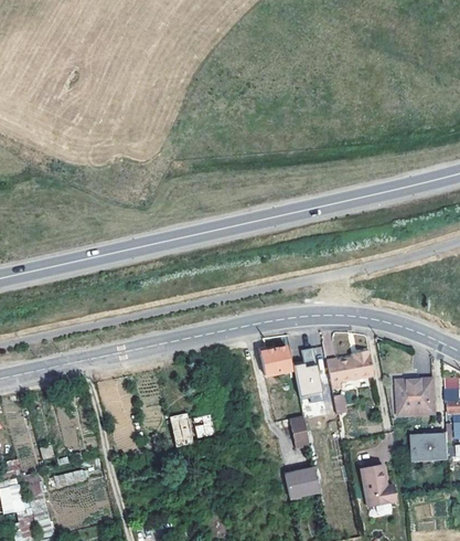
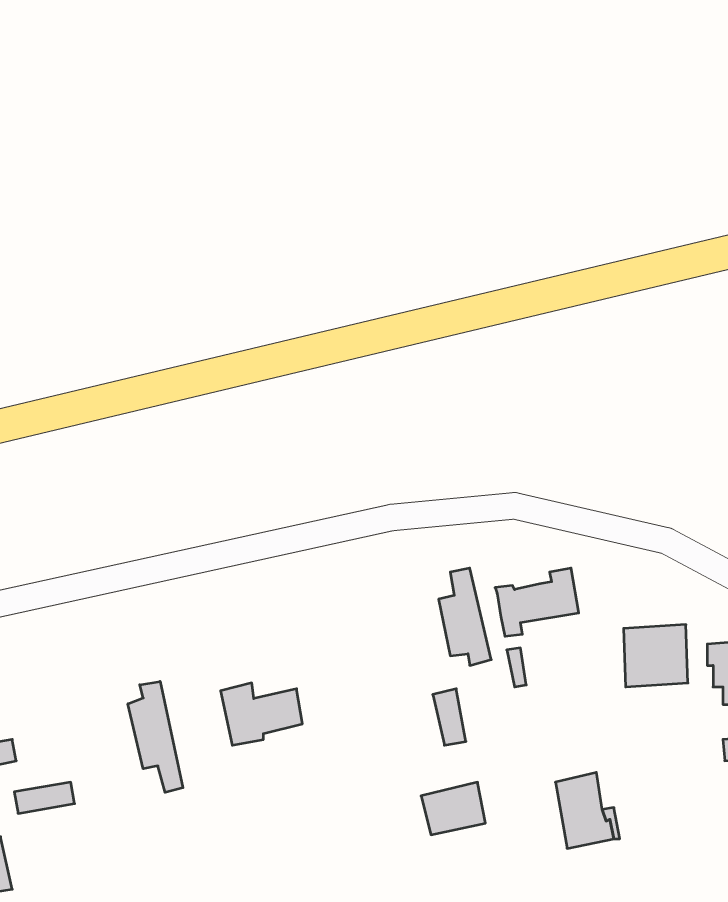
building: [258,347,291,376] -> none
building: none -> [128,681,183,792]
building: [413,435,448,460] -> none

